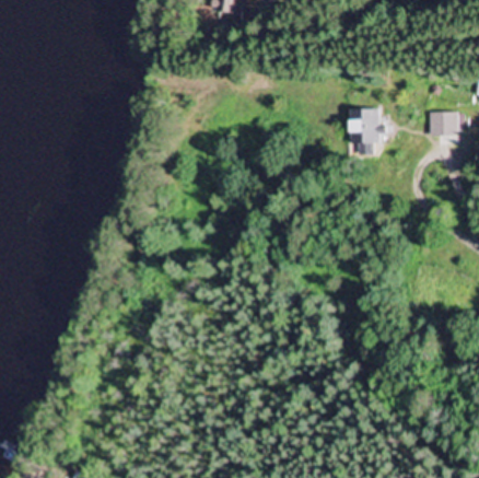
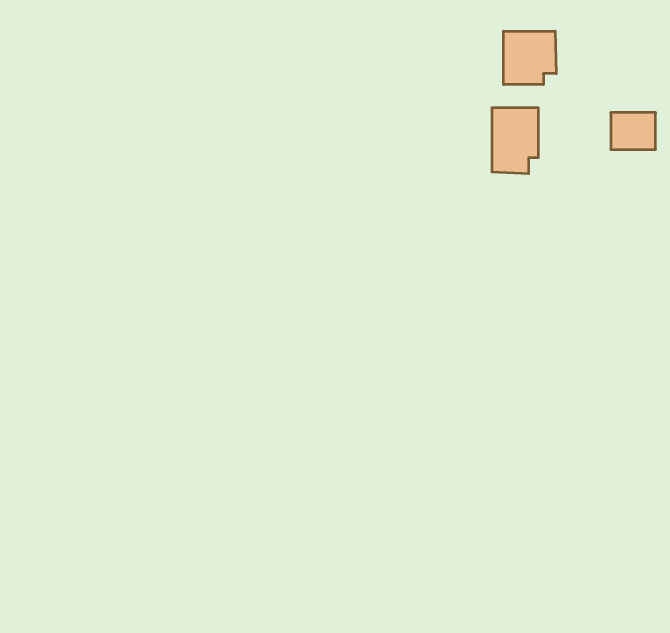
building: none -> [504,31,556,85]

